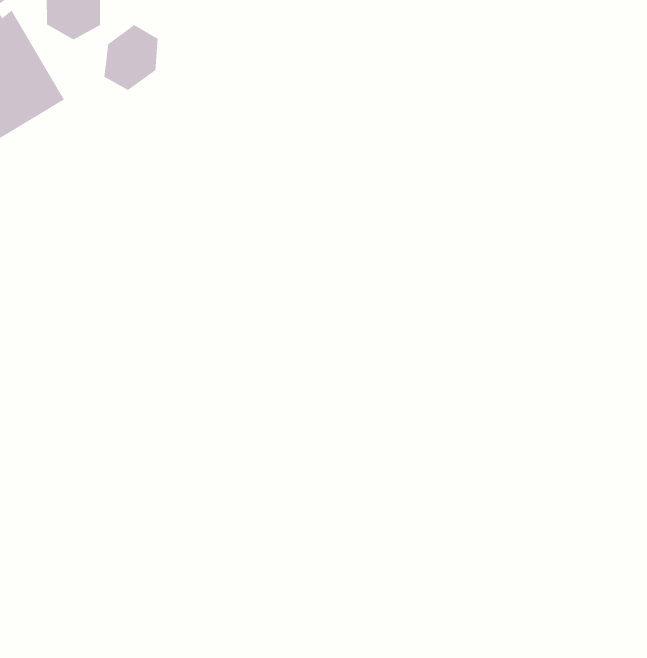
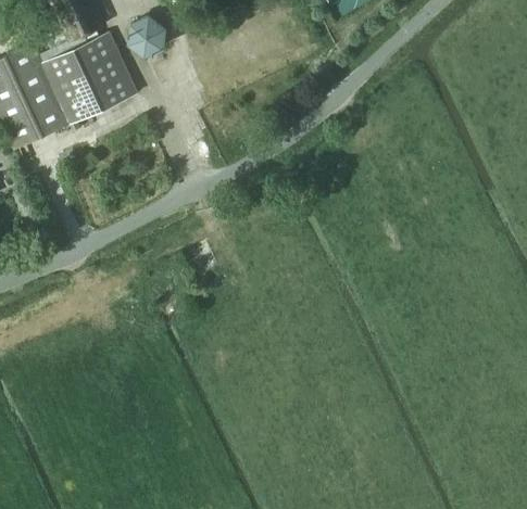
building: [104,24,158,91] -> none

